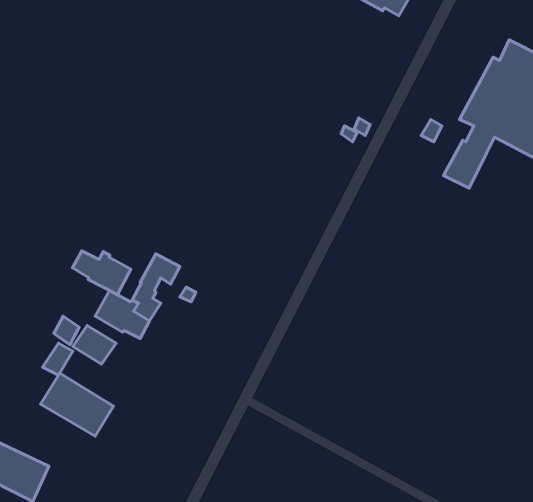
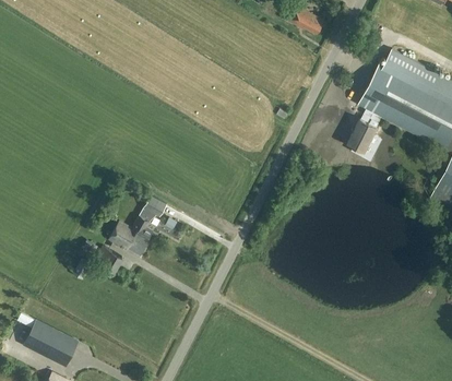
building: [72,251,131,294] -> none
building: [40,373,114,436] -> none

